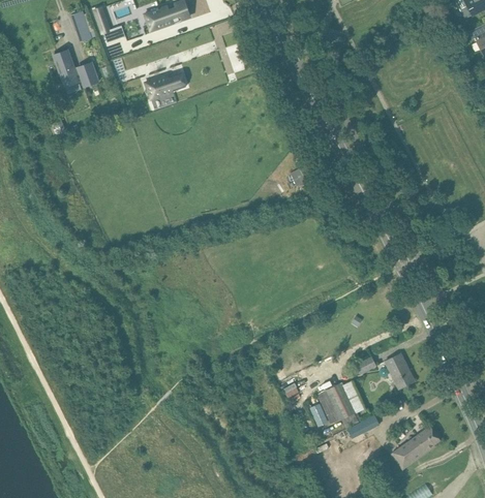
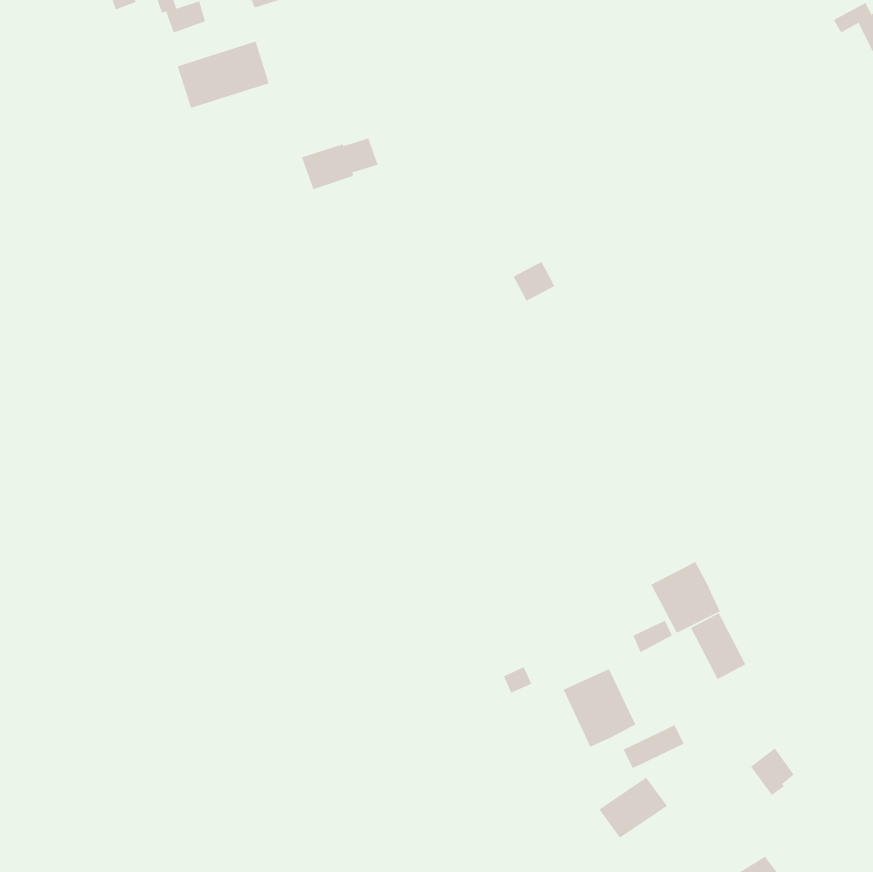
building: [54,50,98,87] -> none
building: [145,71,186,99] -> [301,138,378,190]
building: none -> [651,561,721,634]
building: [391,435,428,468] -> [598,777,668,839]

